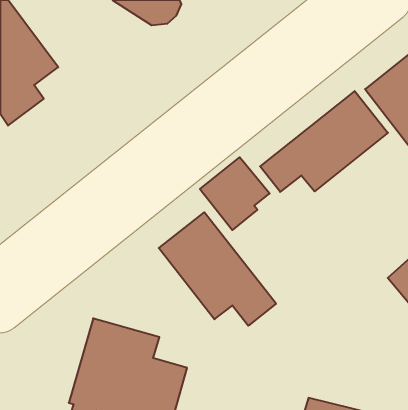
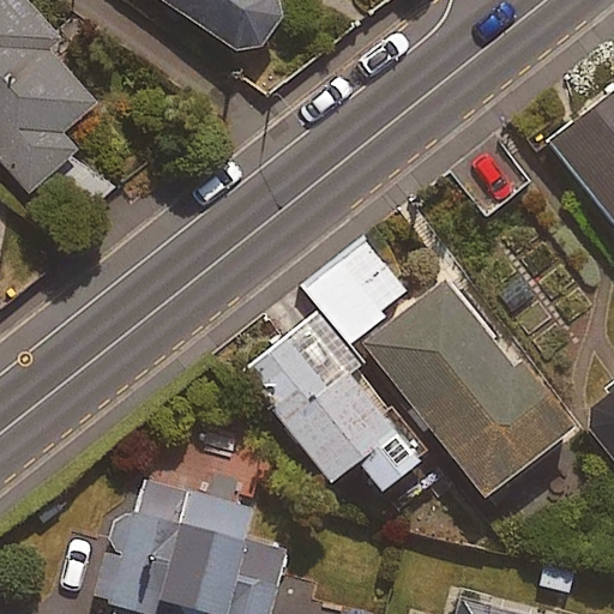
building: [260,91,388,192] -> none
building: none -> [363,279,566,493]

